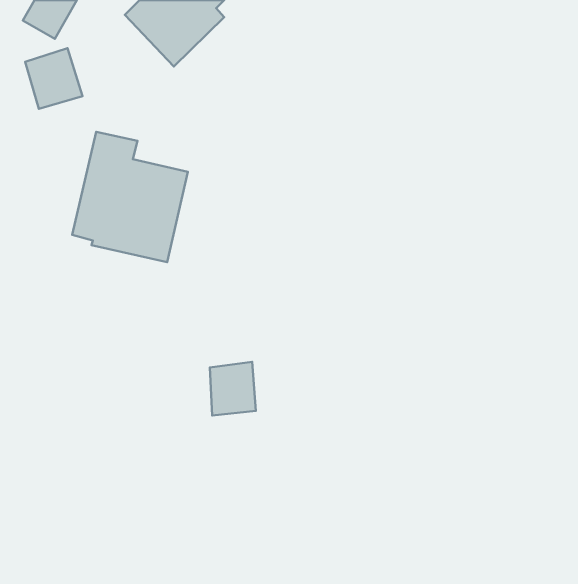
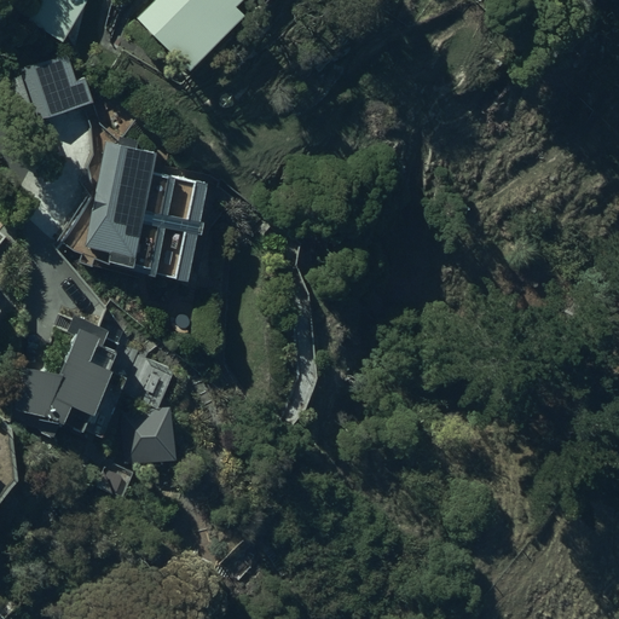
building: none -> [16,314,128,436]
building: [210,362,256,416] -> [126,407,174,464]

